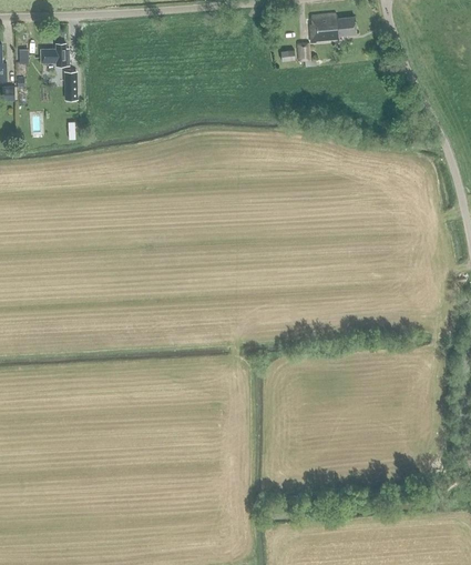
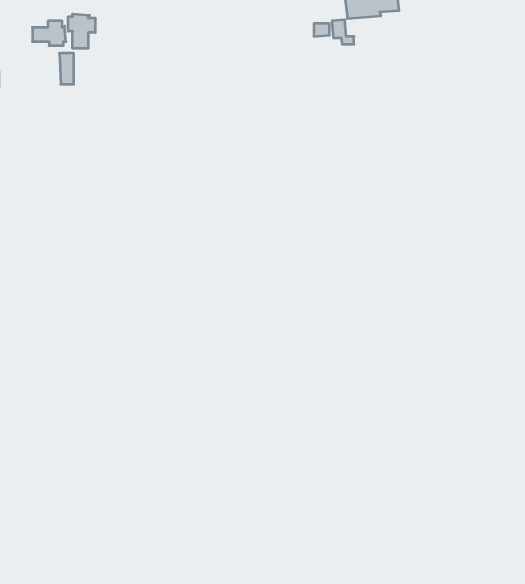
building: none -> [68,14,95,48]

